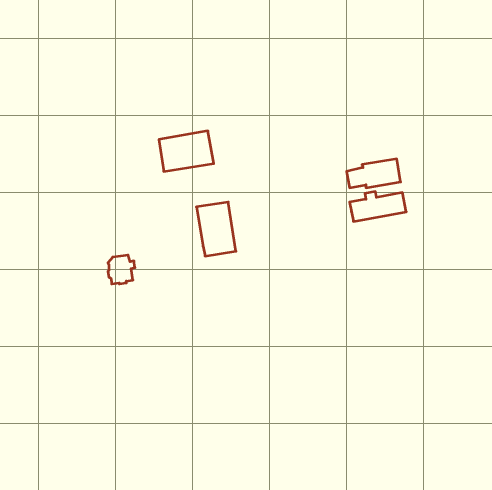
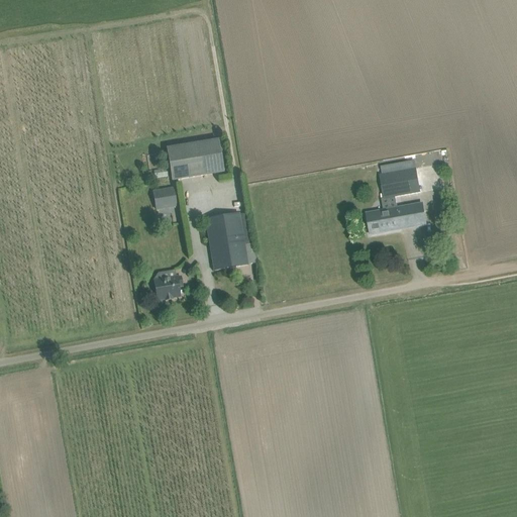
building: none -> [153,187,177,208]
building: [108,255,135,284] -> [153,269,182,299]

